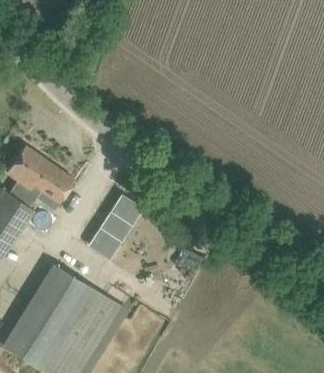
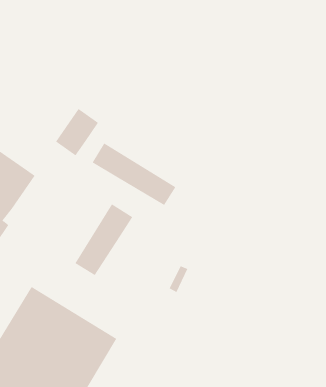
building: none -> [92,142,176,206]
building: [37,168,75,210] -> [55,108,99,156]

